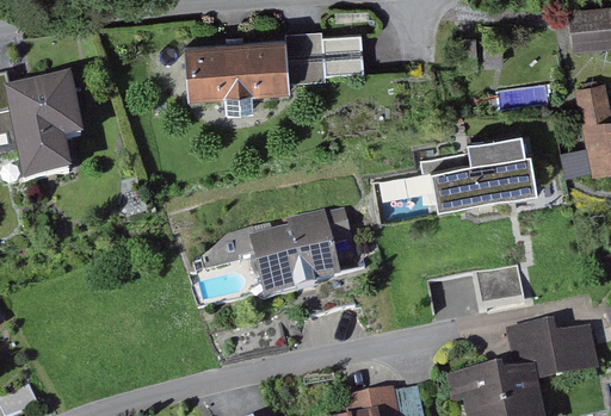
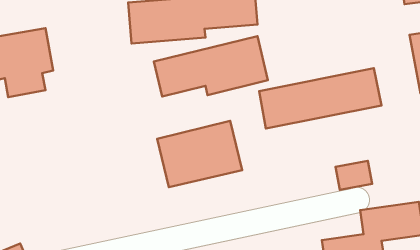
building: none -> [154,36,268,96]

